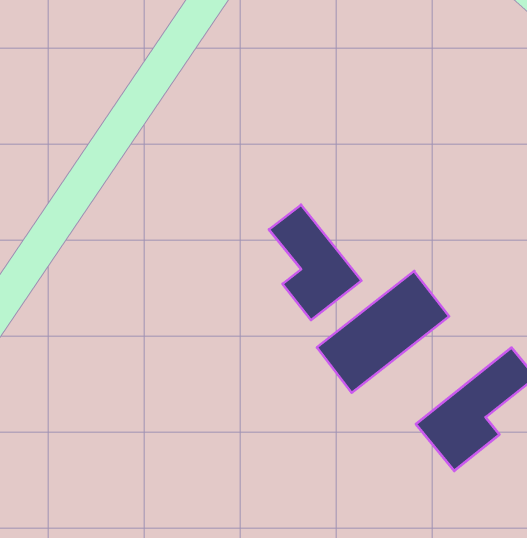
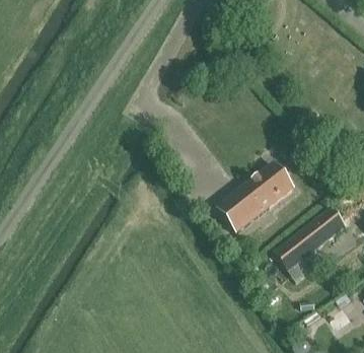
building: [269,205,361,320] -> none

